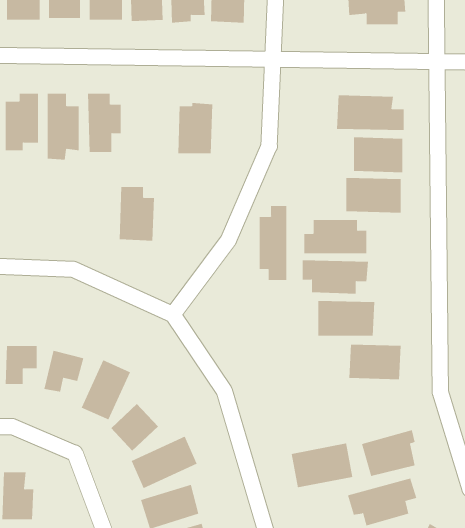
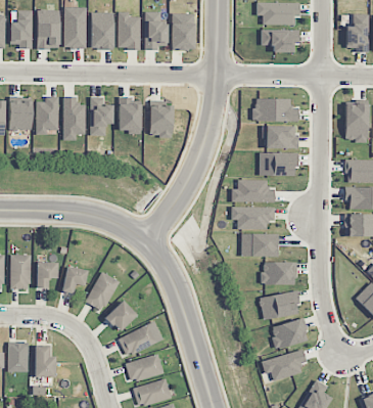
building: [119,187,155,241] -> [118,96,141,132]
building: [259,205,287,281] -> none
building: [291,443,353,488] -> [260,289,300,319]

